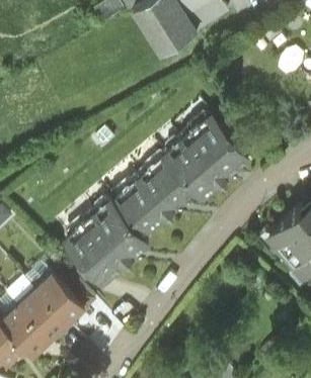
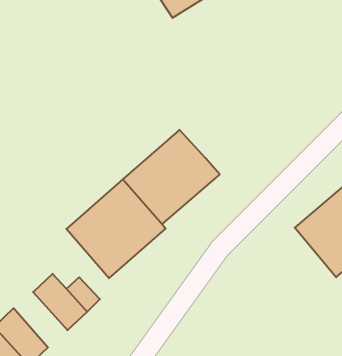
building: [164,111,247,194] -> none
building: [18,293,66,342] -> none

